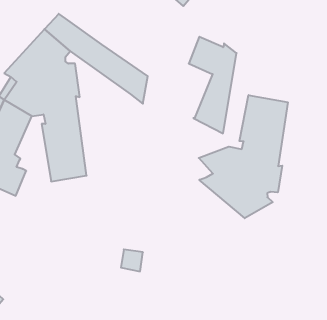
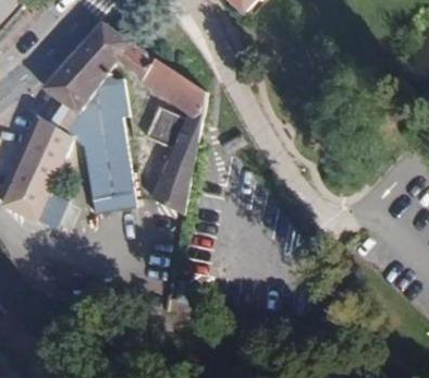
building: [189,37,237,133] -> [145,106,199,216]
building: [199,95,288,218] -> none

